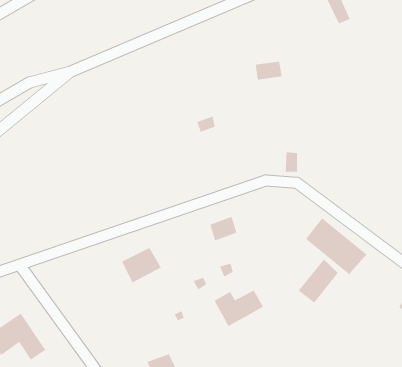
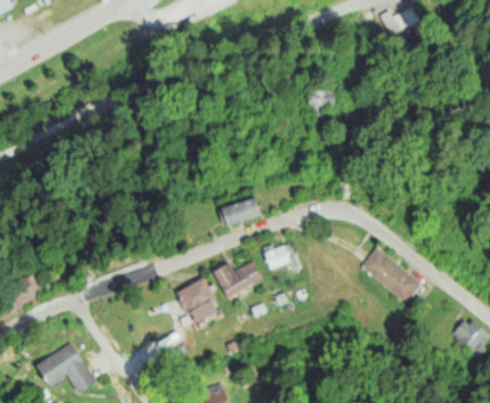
building: none -> [221,198,260,226]
building: [298,259,339,303] -> none
building: [214,290,264,327] -> [211,261,262,299]

